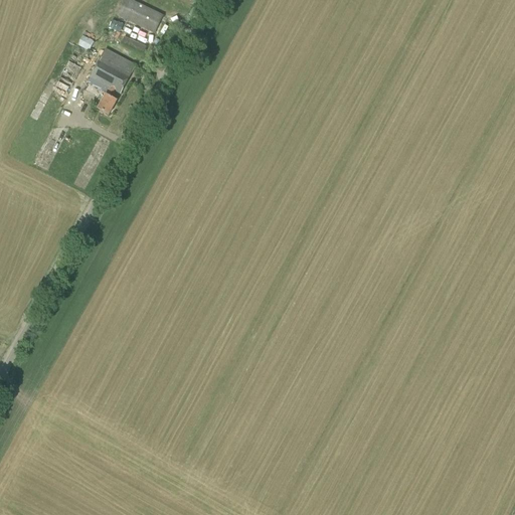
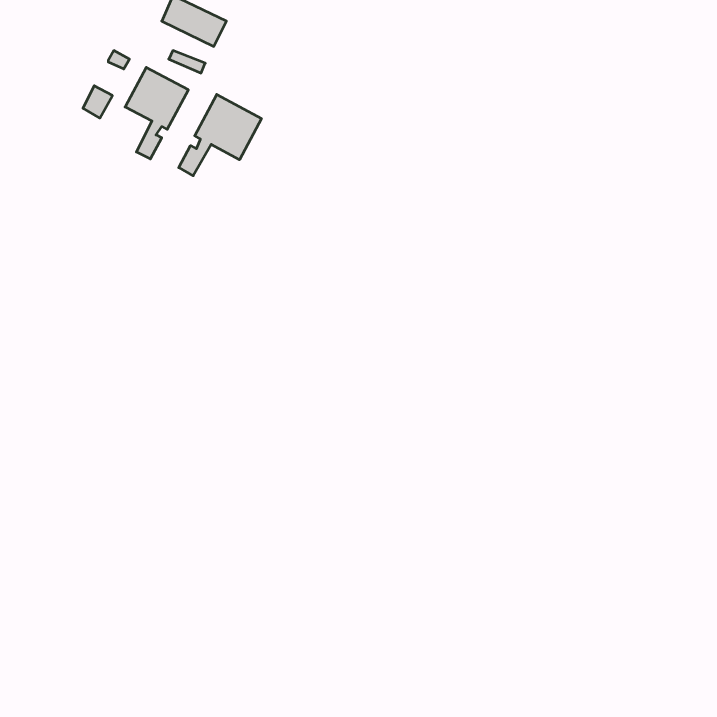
building: none -> [179,94,261,176]

